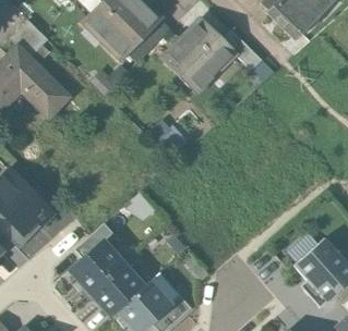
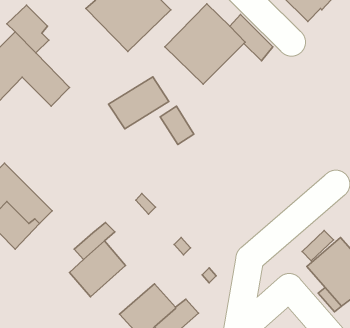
building: none -> [108,77,169,129]
building: [89,263,143,316] -> none

